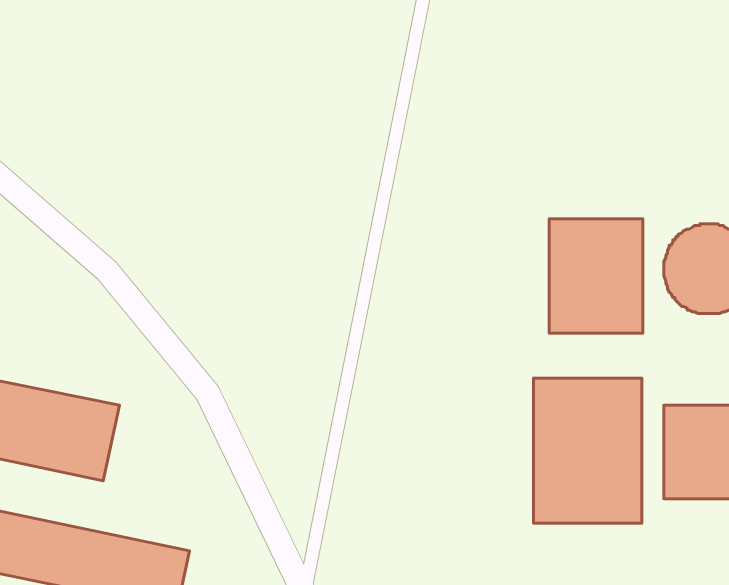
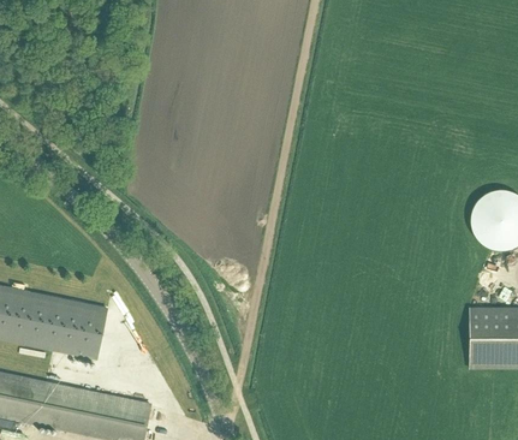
building: [549,219,643,333] -> none
building: [533,378,642,523] -> none

